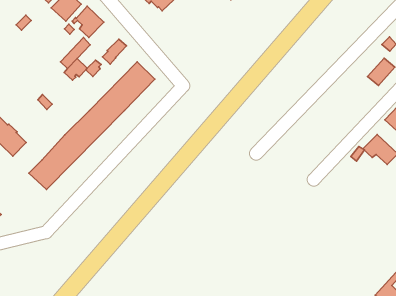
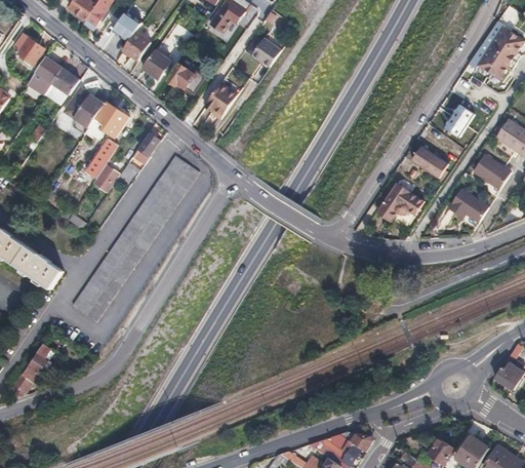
building: none -> [205,82,238,115]
building: none -> [412,147,447,178]
building: none -> [378,181,425,218]

